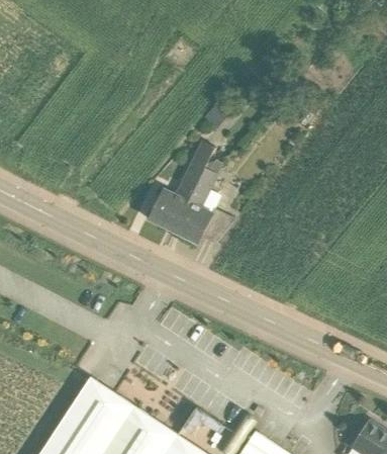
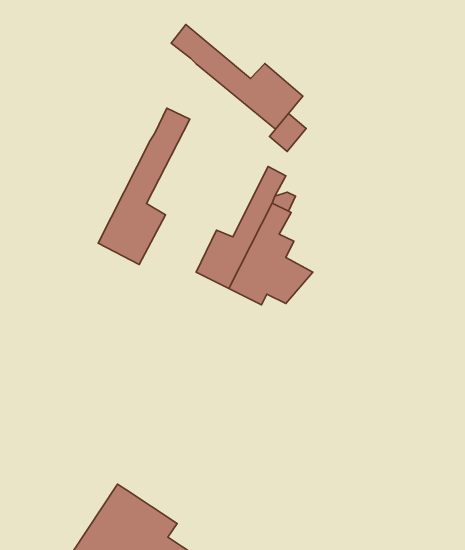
building: none -> [171,24,303,129]
building: none -> [98,108,190,264]

